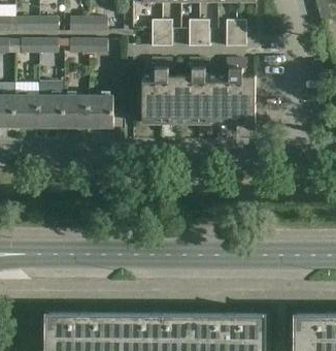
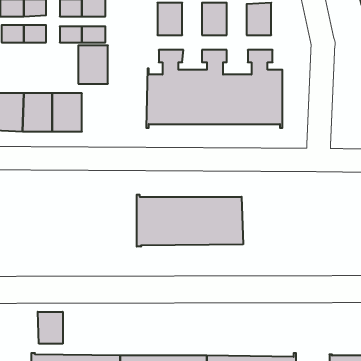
building: [88,96,112,128] -> [78,45,108,84]
building: none -> [137,195,243,247]
building: none -> [38,312,63,344]

